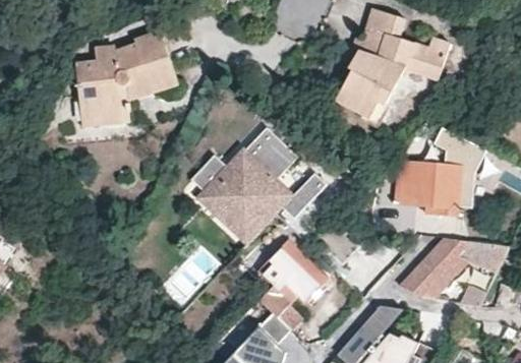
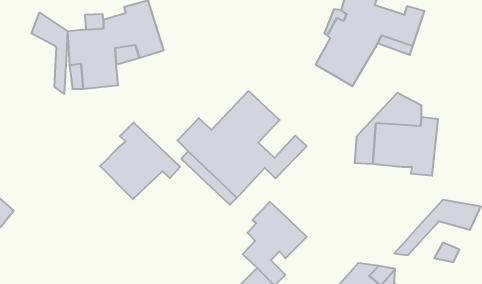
building: none -> [32,13,68,94]
building: none -> [100,122,180,199]
building: [400,238,469,297] -> none

